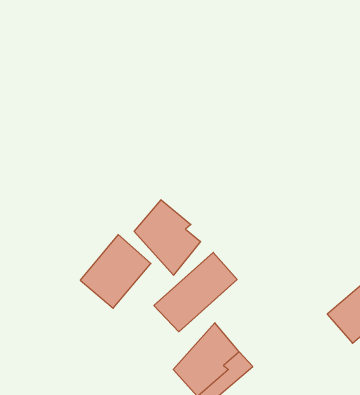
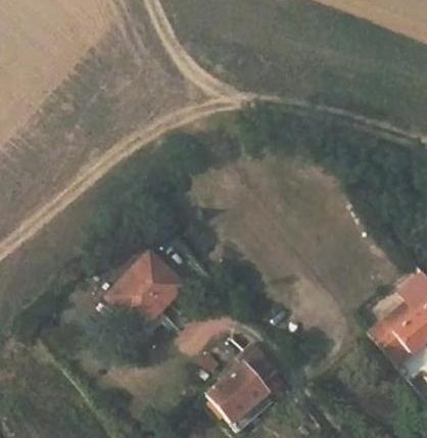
building: [134,200,201,275] -> none
building: [154,252,237,332] -> none

